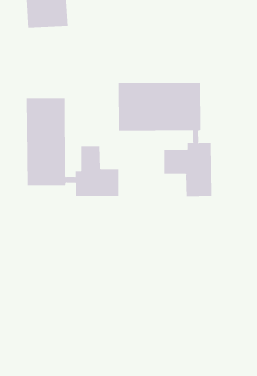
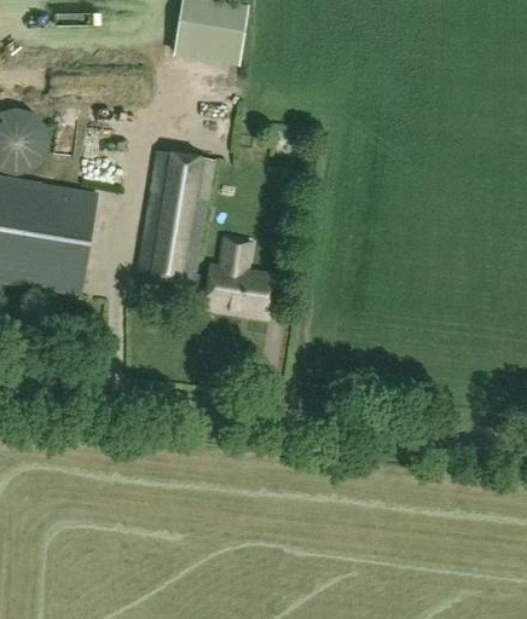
building: [118,82,212,197] -> none

